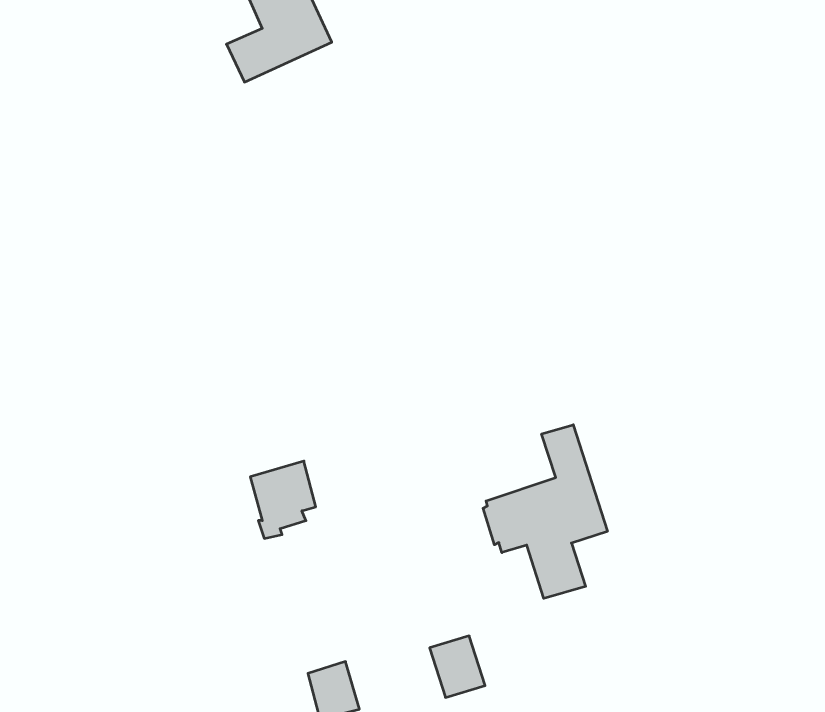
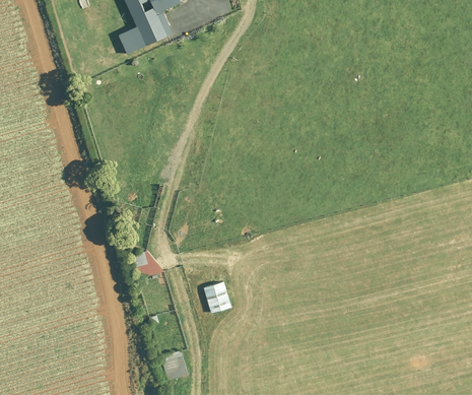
building: [483,425,607,598] -> none
building: [430,636,485,697] -> [203,280,231,312]

